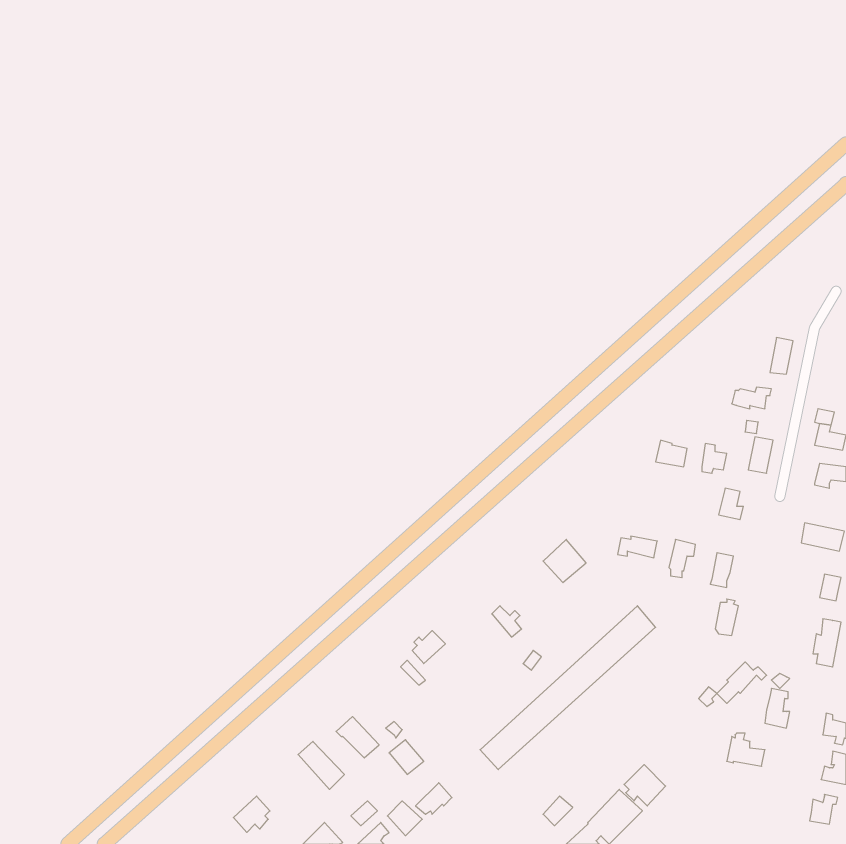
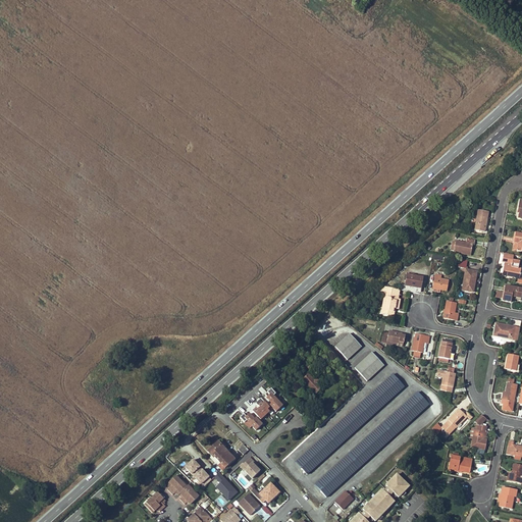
building: none -> [380,286,400,315]
building: none -> [354,352,383,381]
building: none -> [315,392,428,497]
building: none -> [168,474,200,503]

